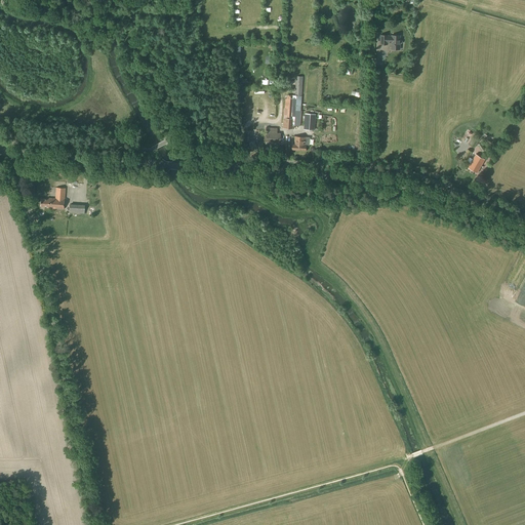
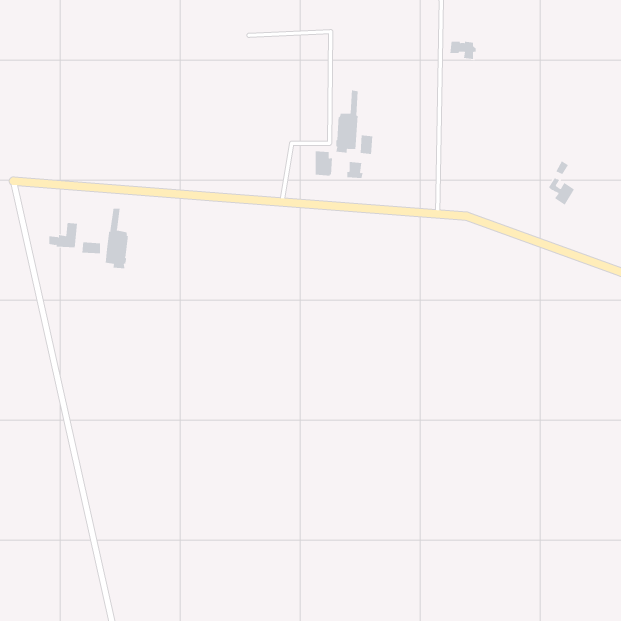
building: none -> [105,208,129,269]

